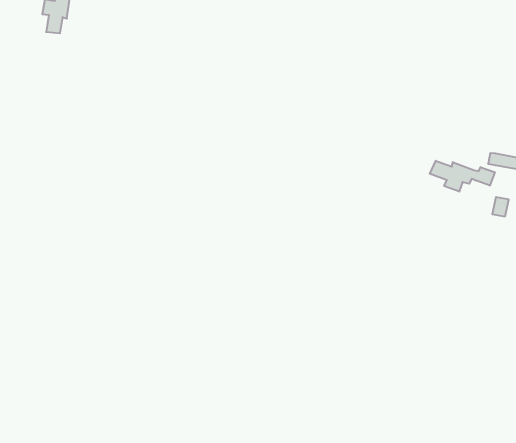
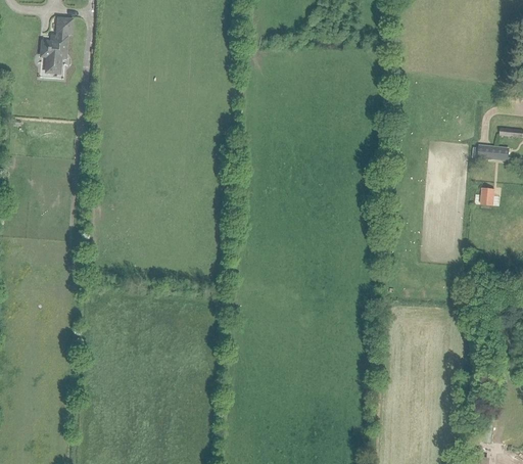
building: [430,161,495,192] -> none

